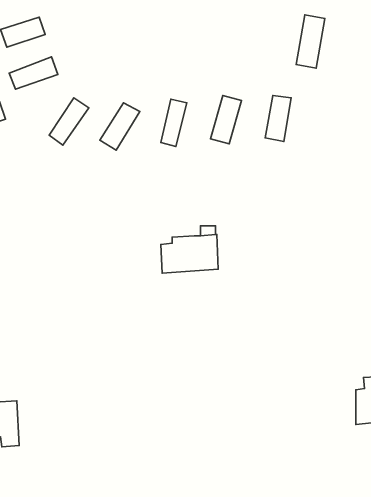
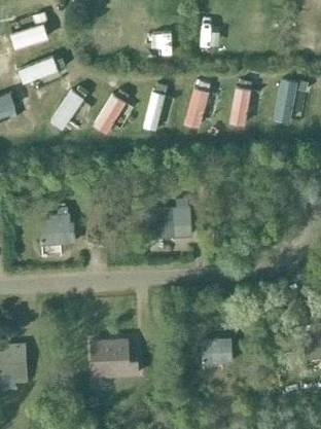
building: [296,15,325,68] -> [274,79,297,123]
building: none -> [40,206,74,243]
building: none -> [91,337,138,374]
building: none -> [202,337,231,362]

